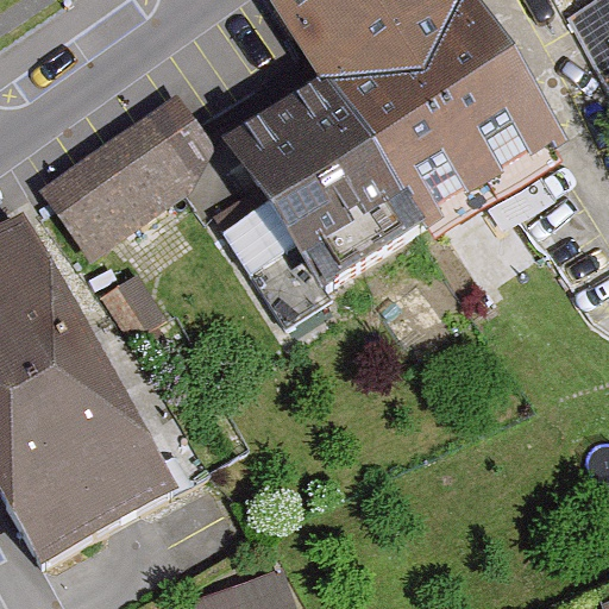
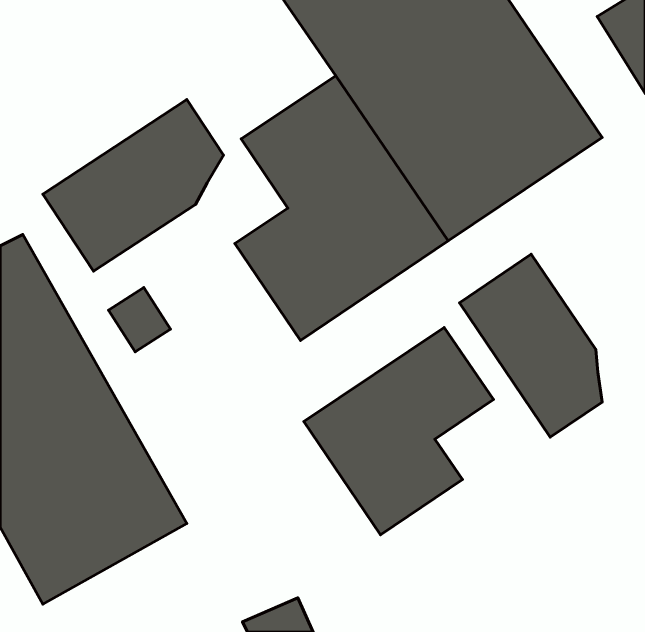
building: none -> [460,254,602,437]
building: none -> [304,327,494,535]

